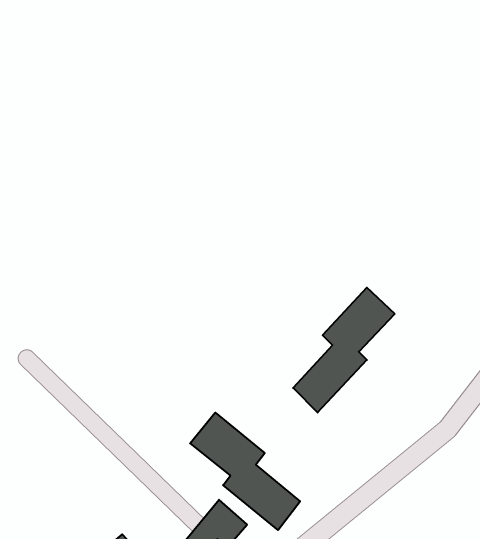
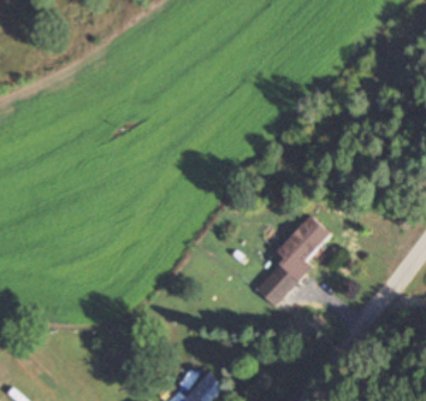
building: [190,413,300,530] -> none

